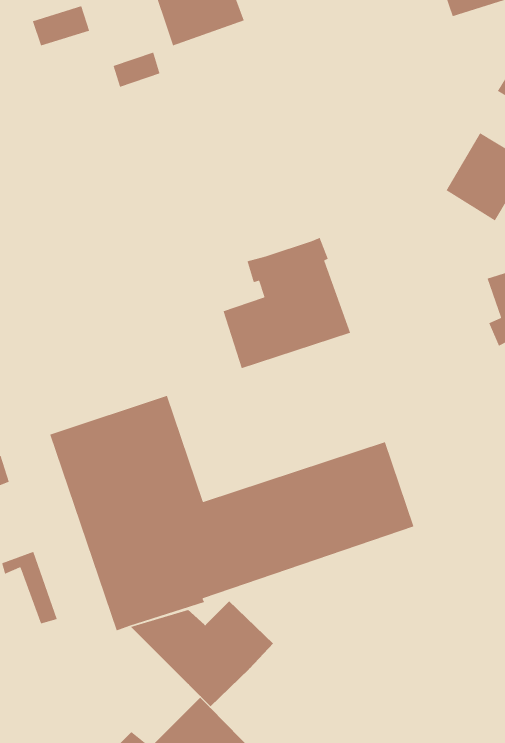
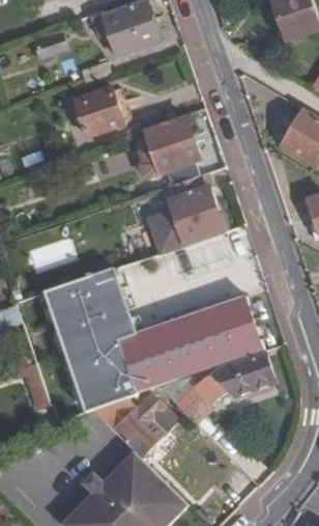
building: none -> [74,86,125,138]
building: none -> [138,117,201,185]
building: none -> [158,352,274,423]

